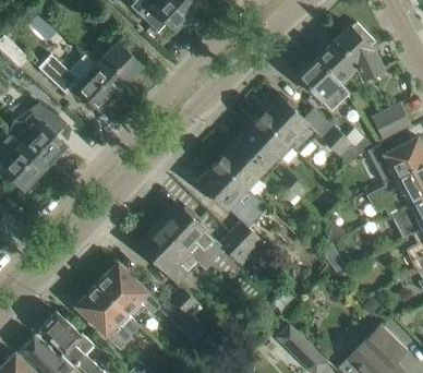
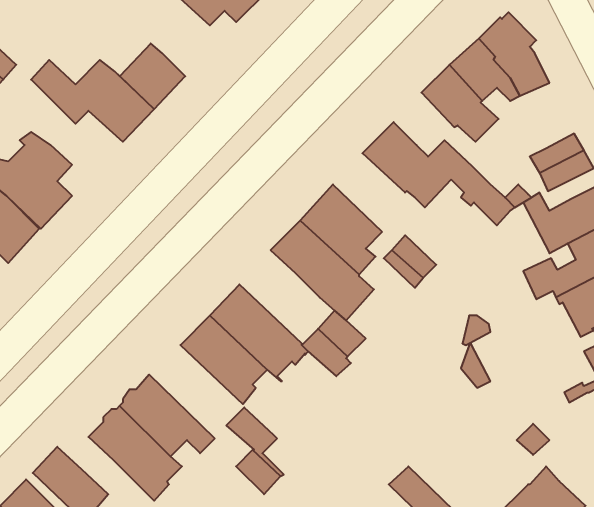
building: [240,117,294,169] -> none

